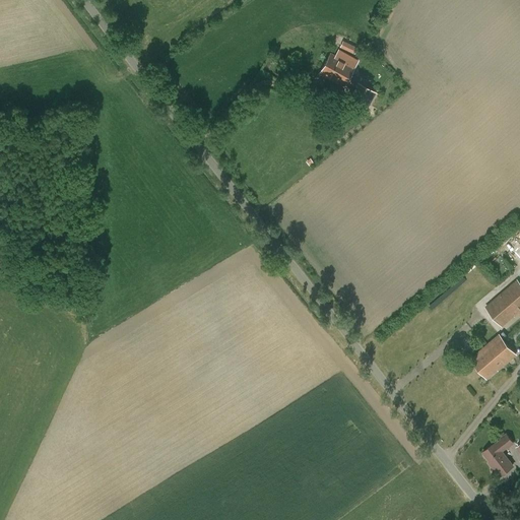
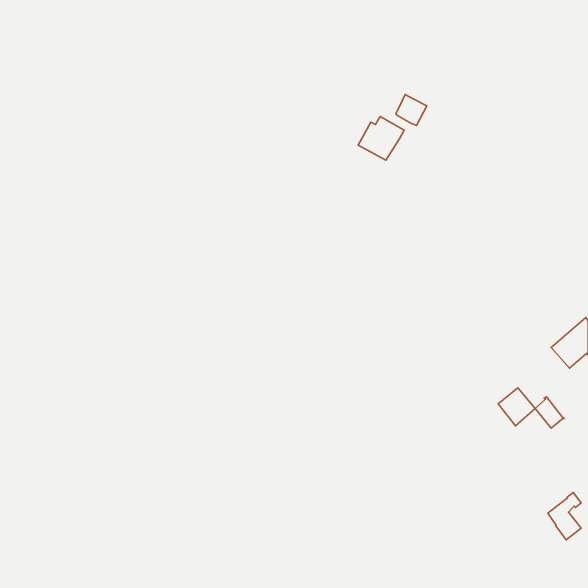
building: [319,49,360,87] -> [358,116,404,160]
building: [482,336,515,370] -> [498,388,535,426]

